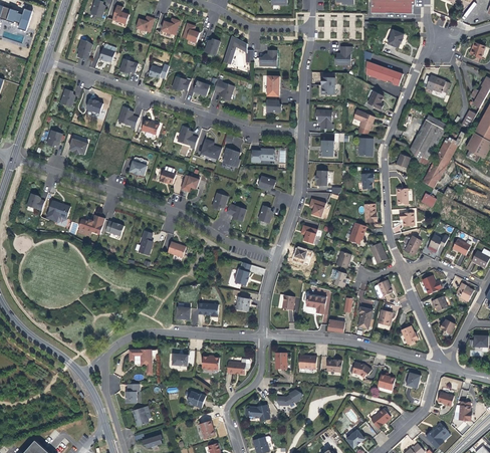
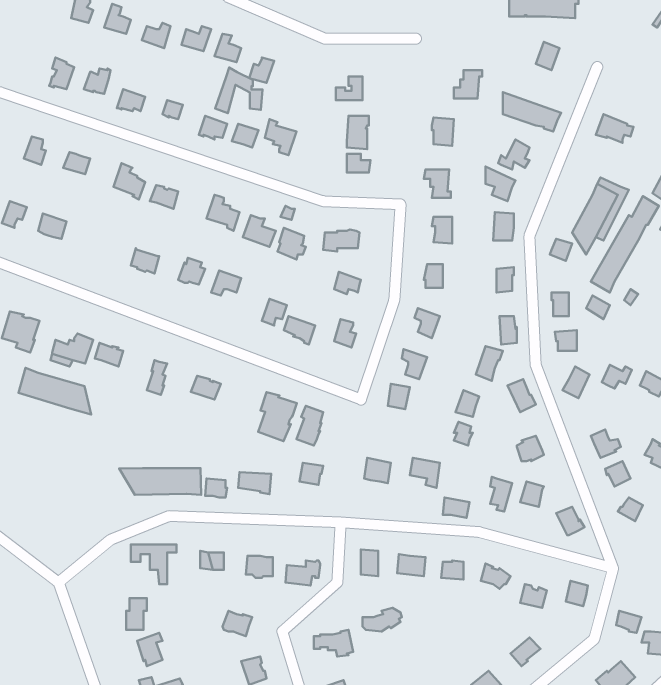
building: [223,36,253,65] -> [215,67,262,113]
building: none -> [18,368,91,415]
building: none -> [258,392,297,441]
building: none -> [119,468,201,495]

